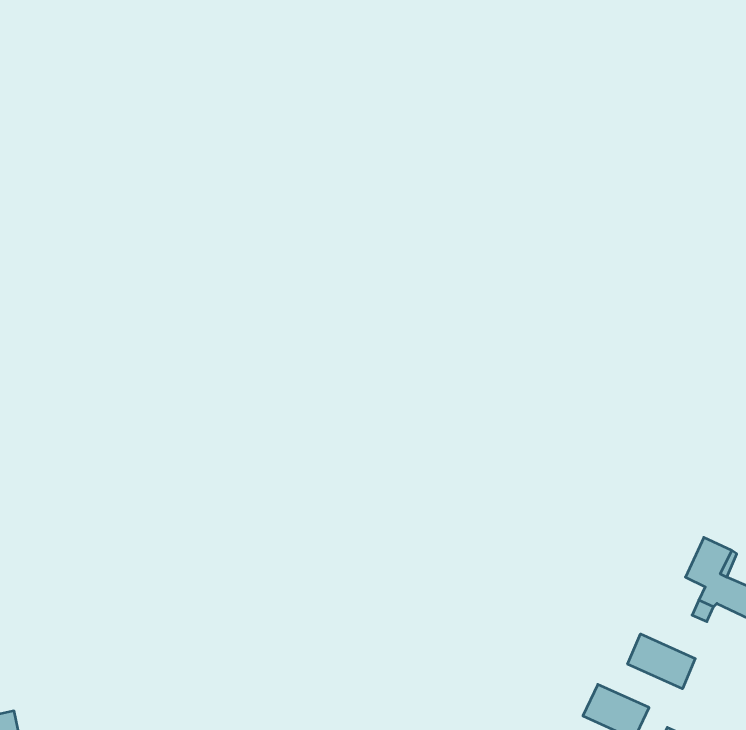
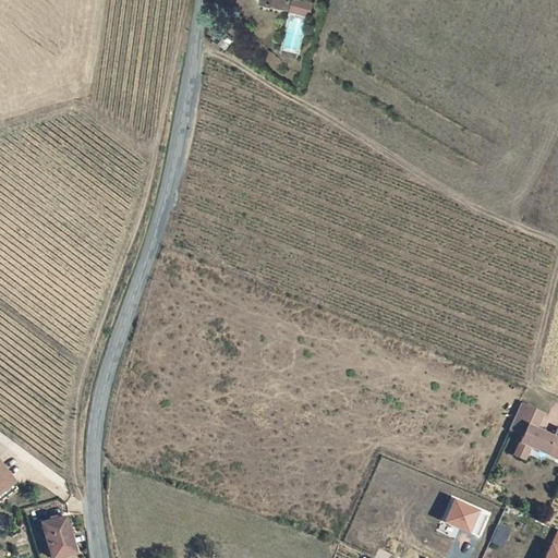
building: [628,634,695,689] -> none

